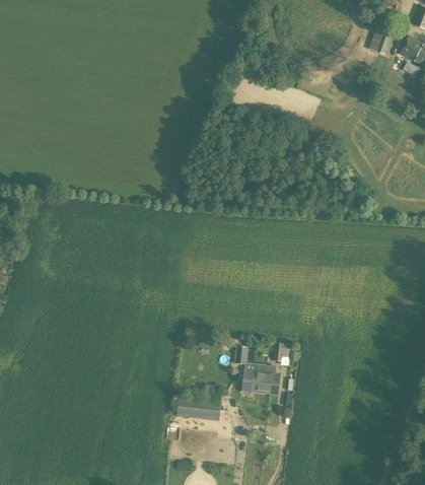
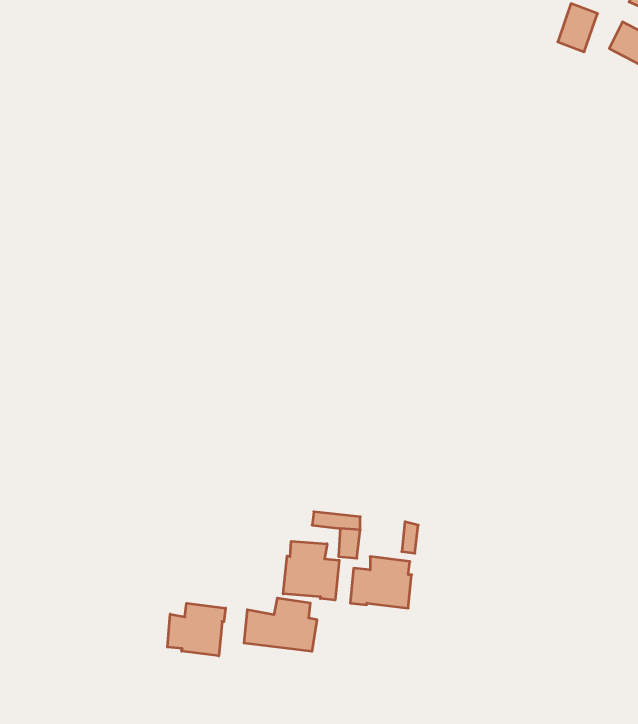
building: none -> [283,541,339,600]
building: none -> [167,603,226,656]

